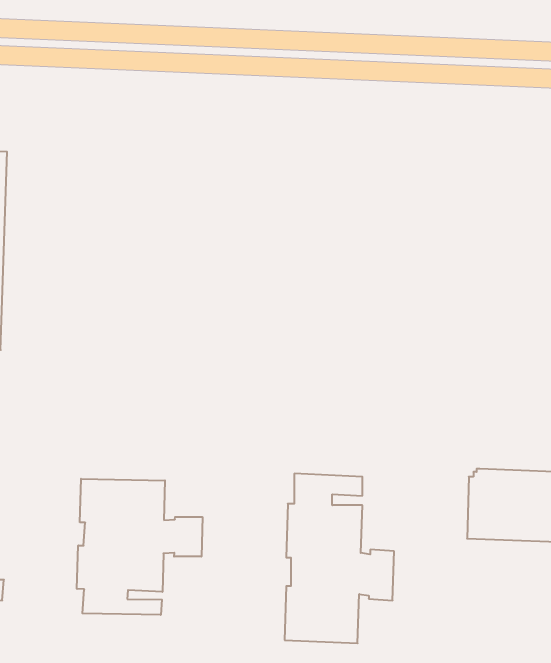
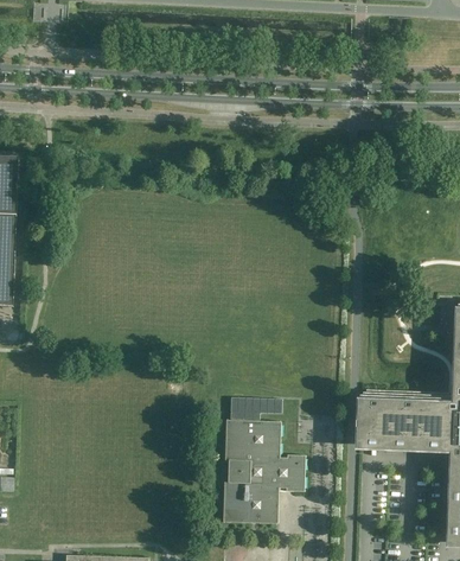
building: [77,479,202,615] -> none

